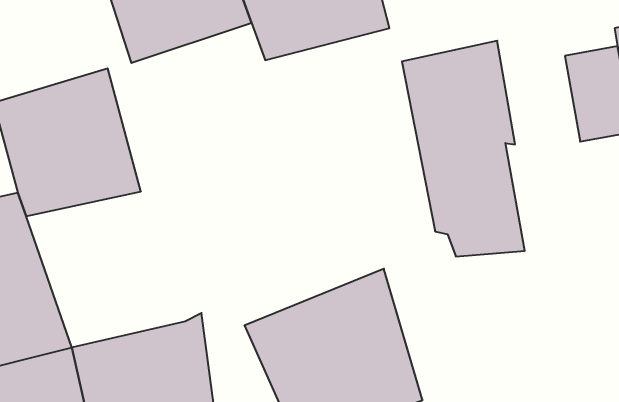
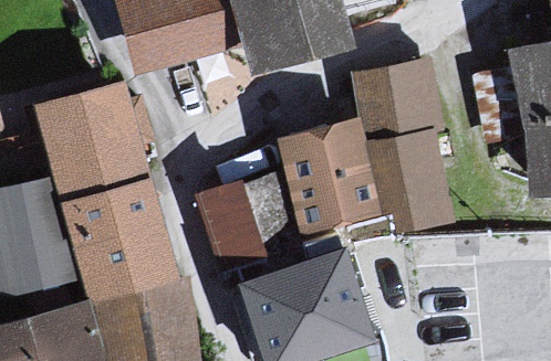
building: none -> [274,117,382,238]
building: none -> [212,157,277,248]
building: none -> [54,178,181,302]

